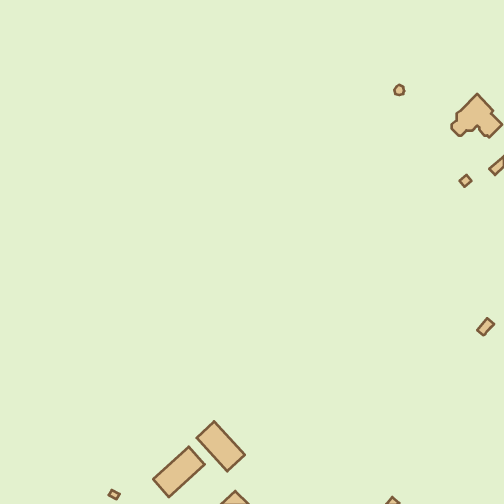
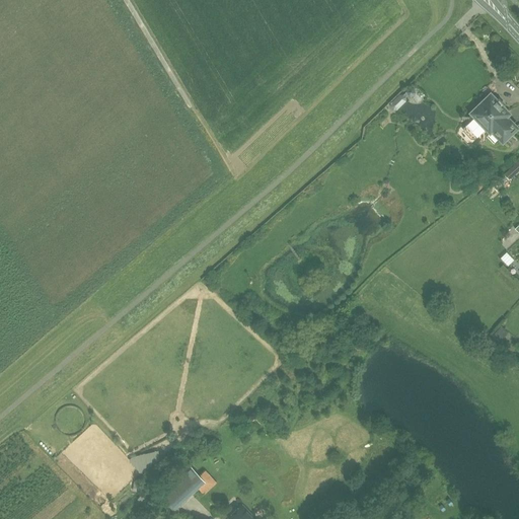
building: [197,421,245,471] -> none

